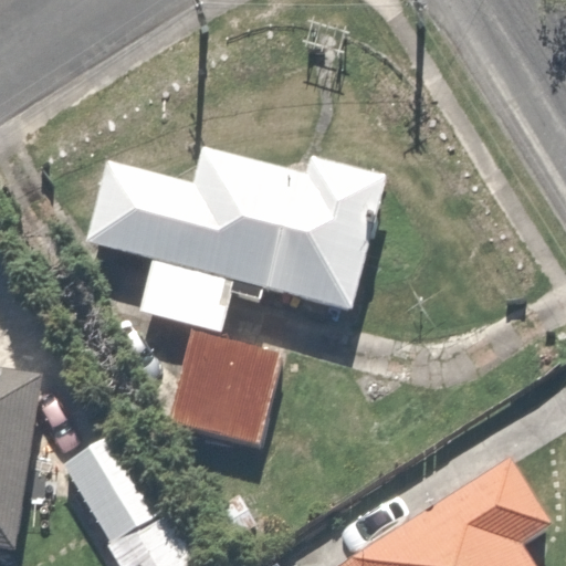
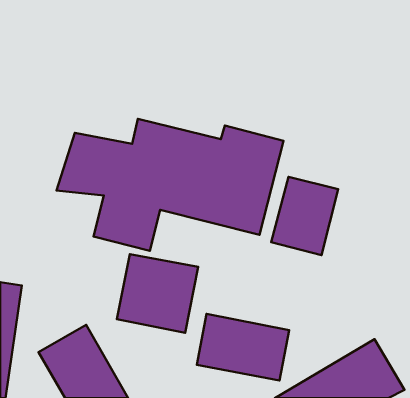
building: none -> [271,177,338,255]
building: none -> [197,314,289,381]

